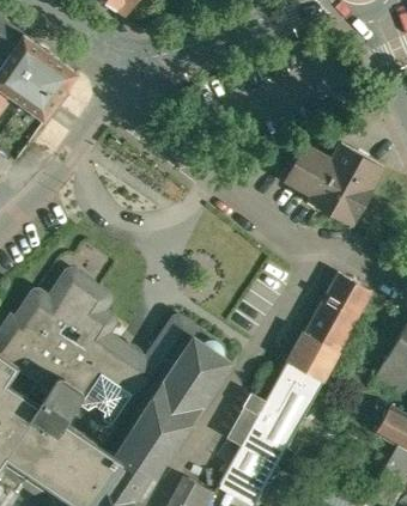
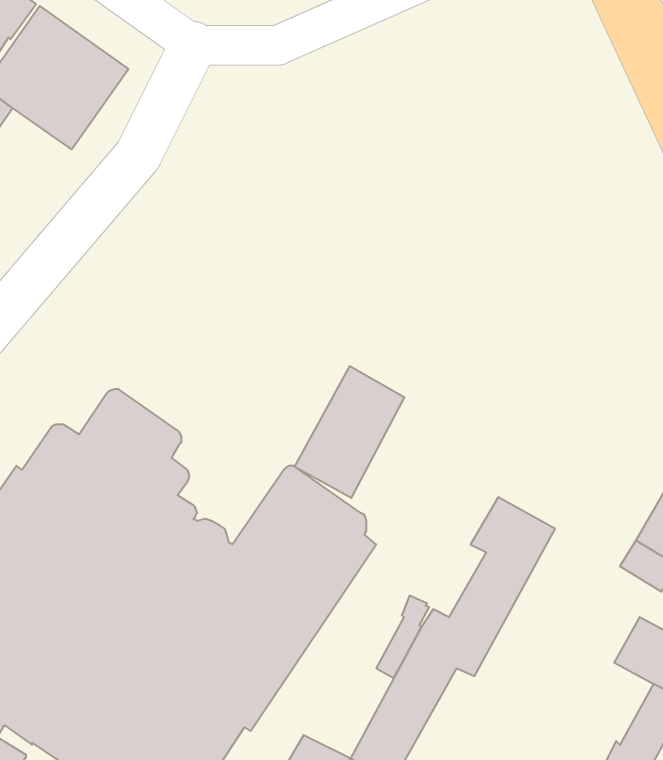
building: [284,144,382,226] -> none
building: [304,273,371,353] -> [294,366,405,498]

